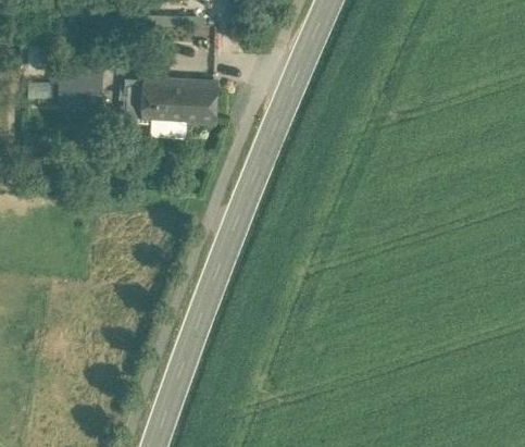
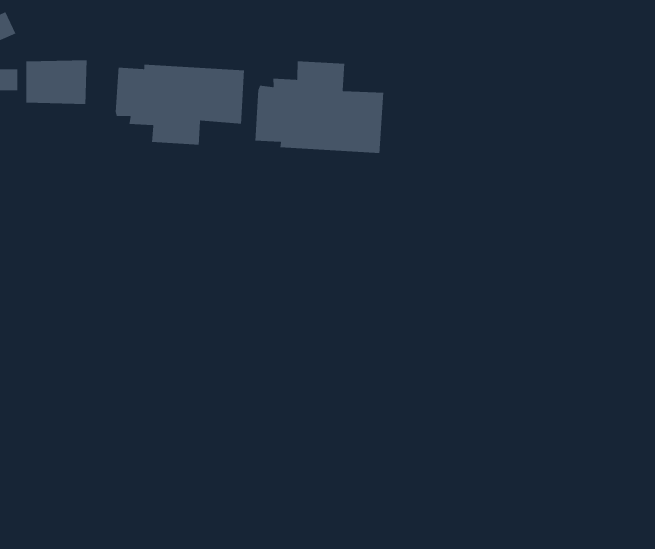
building: none -> [255,60,384,154]

